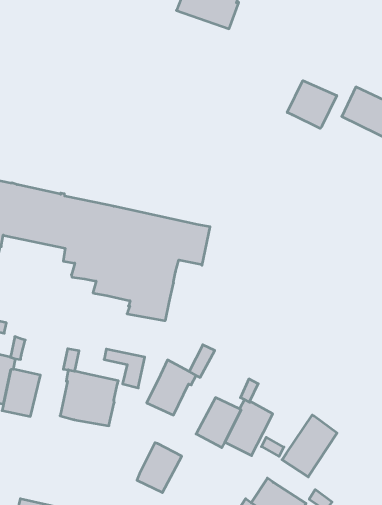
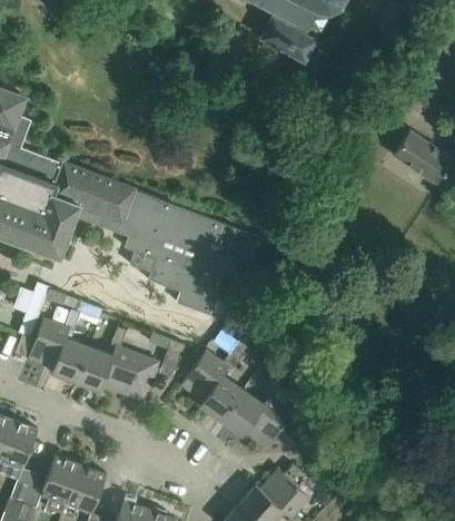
building: [287,81,337,128] -> none
building: none -> [75,346,112,391]
building: [282,415,337,477] -> none
building: [137,443,182,493] -> [199,374,243,420]

